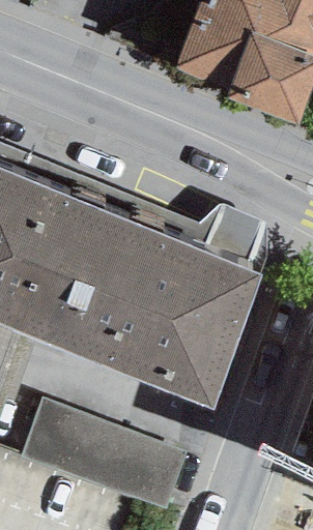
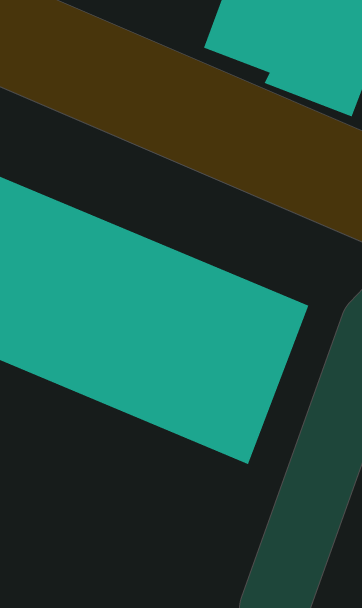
building: [21,395,186,505] -> none

